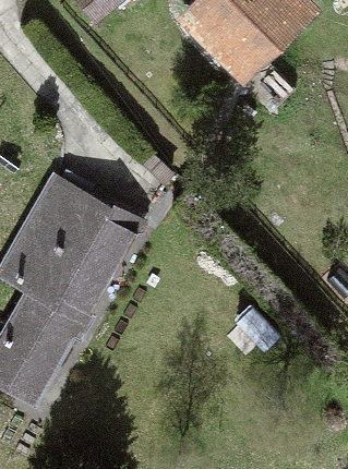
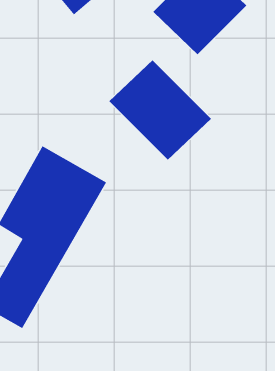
building: none -> [108,59,212,160]

